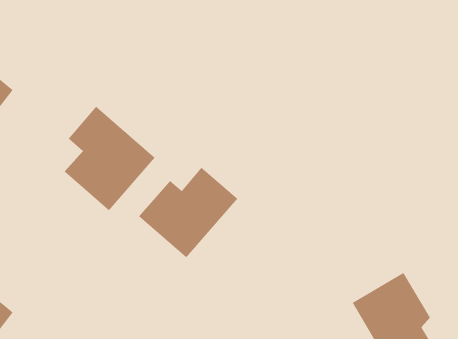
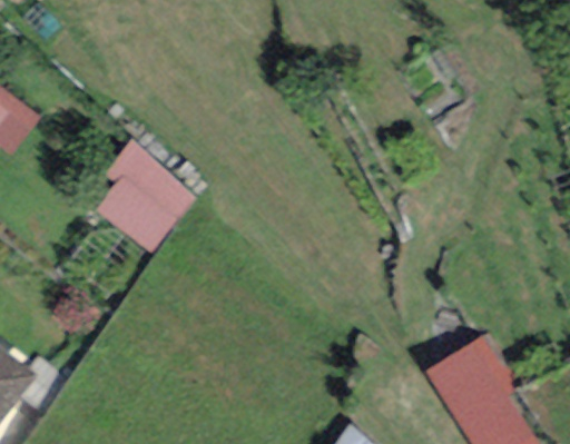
building: [138,167,238,258] -> none

